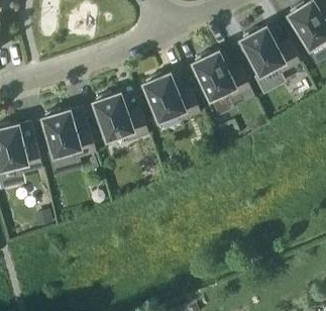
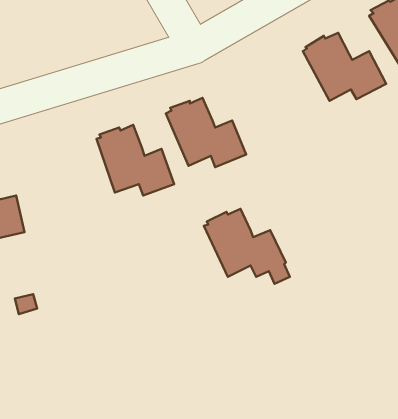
building: [194,50,255,104] -> [204,209,290,284]
building: [43,109,97,160] -> none

